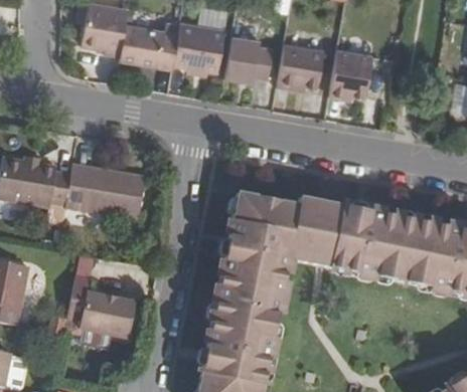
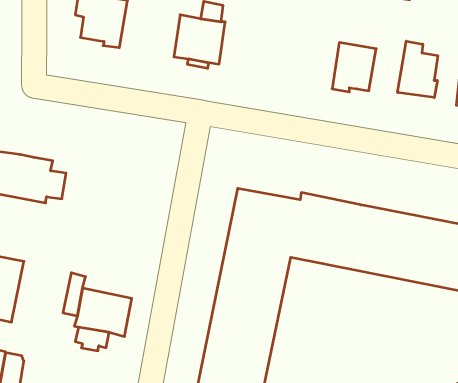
building: [120,24,165,67] -> none
building: [225,35,275,82] -> none
building: [277,43,324,89] -> none
building: none -> [398,41,438,98]
building: [63,164,144,218] -> none

